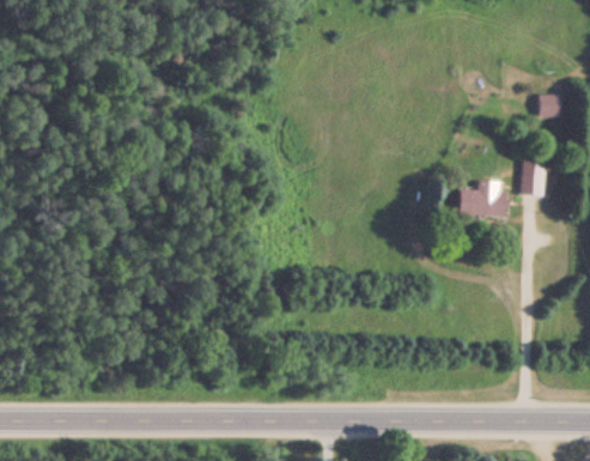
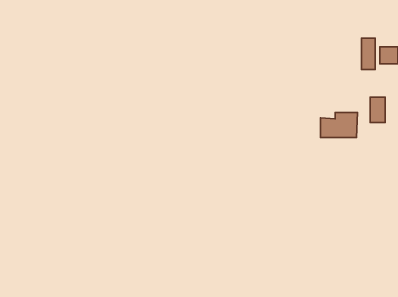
building: none -> [361,38,375,70]

